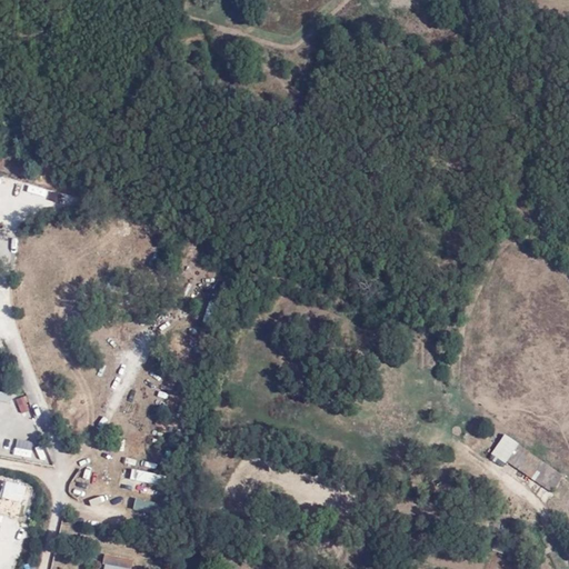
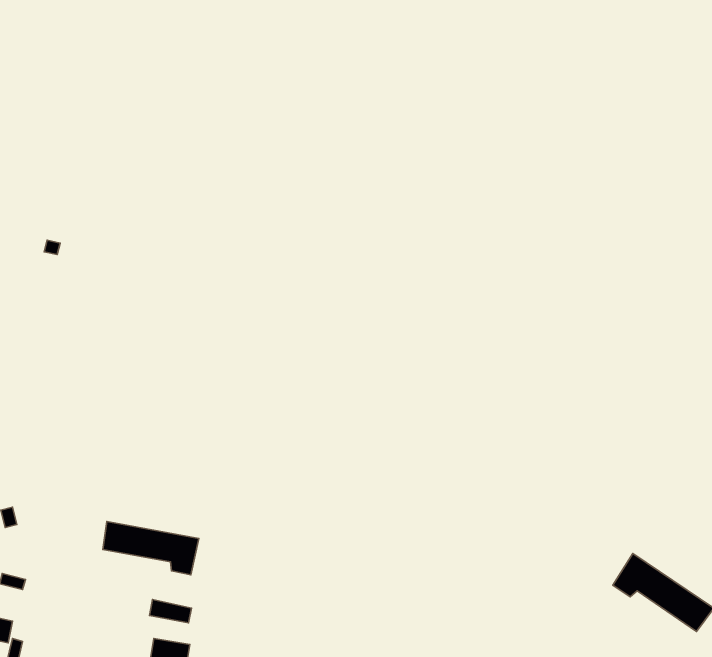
building: none -> [103,521,199,575]

